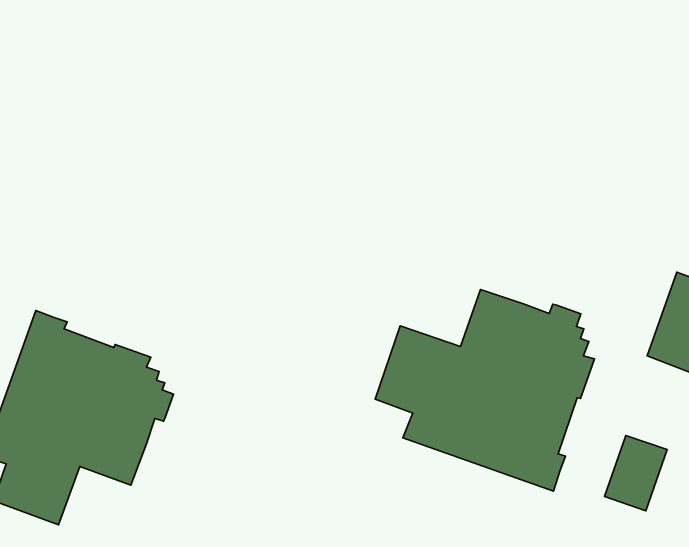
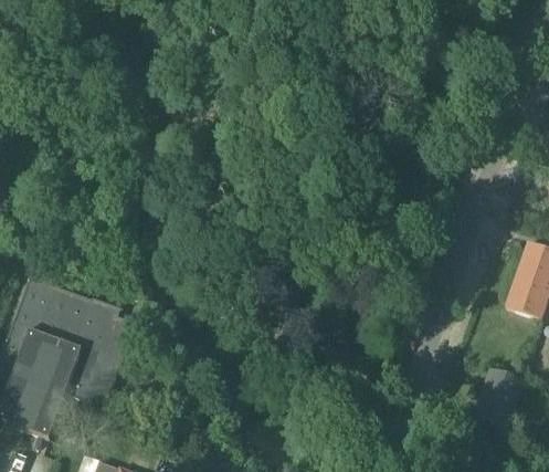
building: [375,289,594,491] -> none

